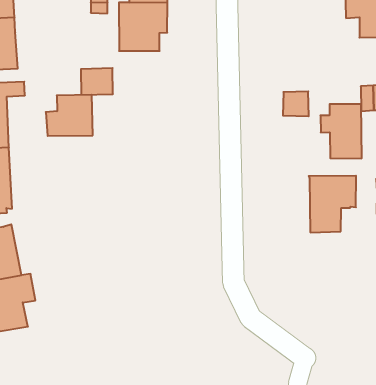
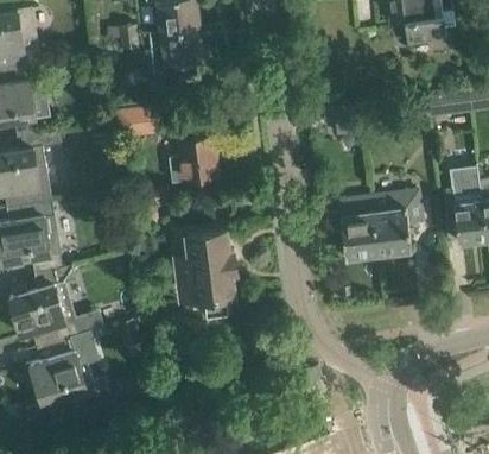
building: [46,95,93,136] -> [167,135,220,184]
building: [320,104,362,158] -> [330,197,379,258]
building: none -> [172,231,235,319]

